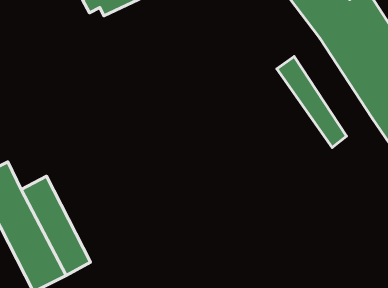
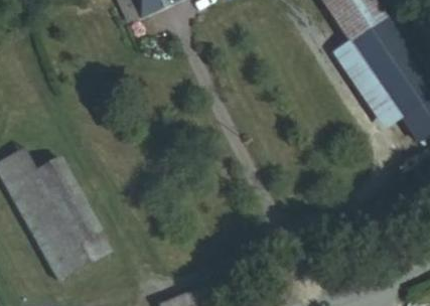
building: [277,56,346,147] -> [329,39,398,129]

